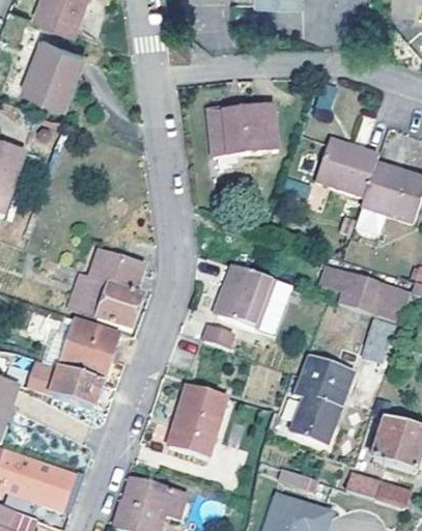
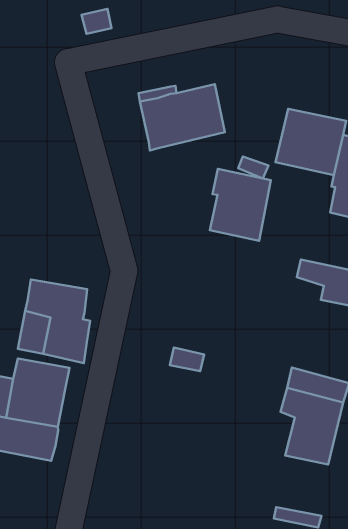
building: [218,262,275,328] -> [210,169,271,241]
building: [169,383,228,456] -> none

